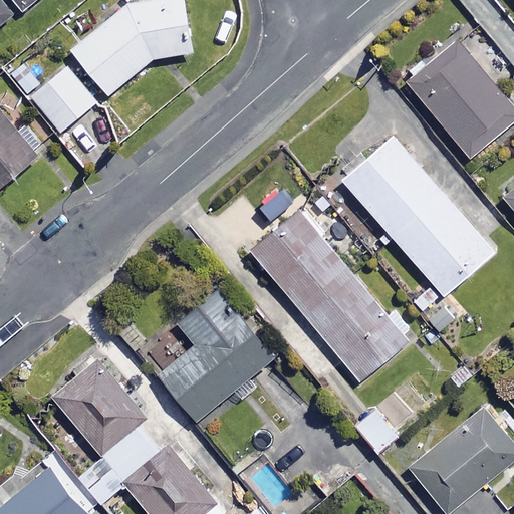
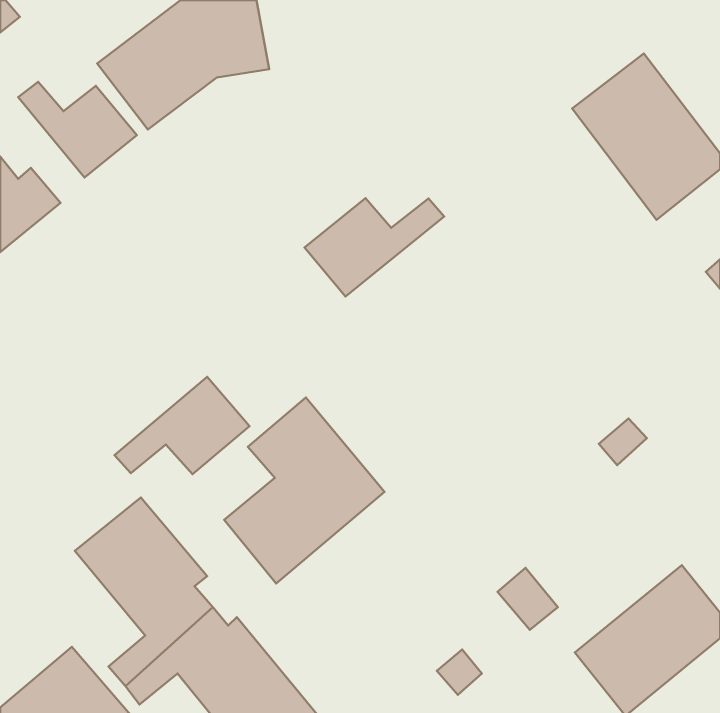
building: [342,136,493,295] -> none
building: none -> [305,198,444,297]
building: [251,211,408,383] -> none
building: none -> [115,377,250,474]

